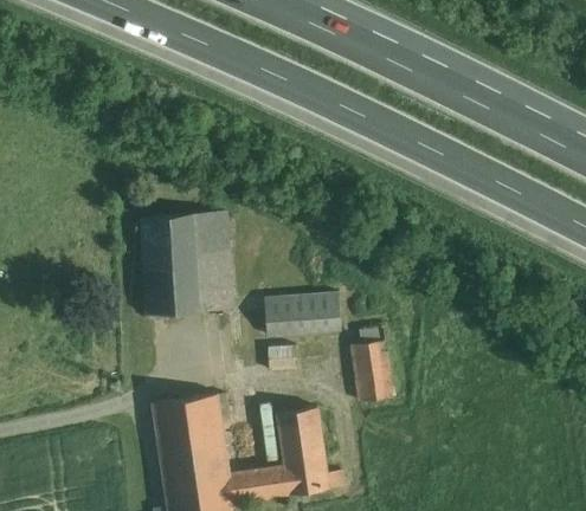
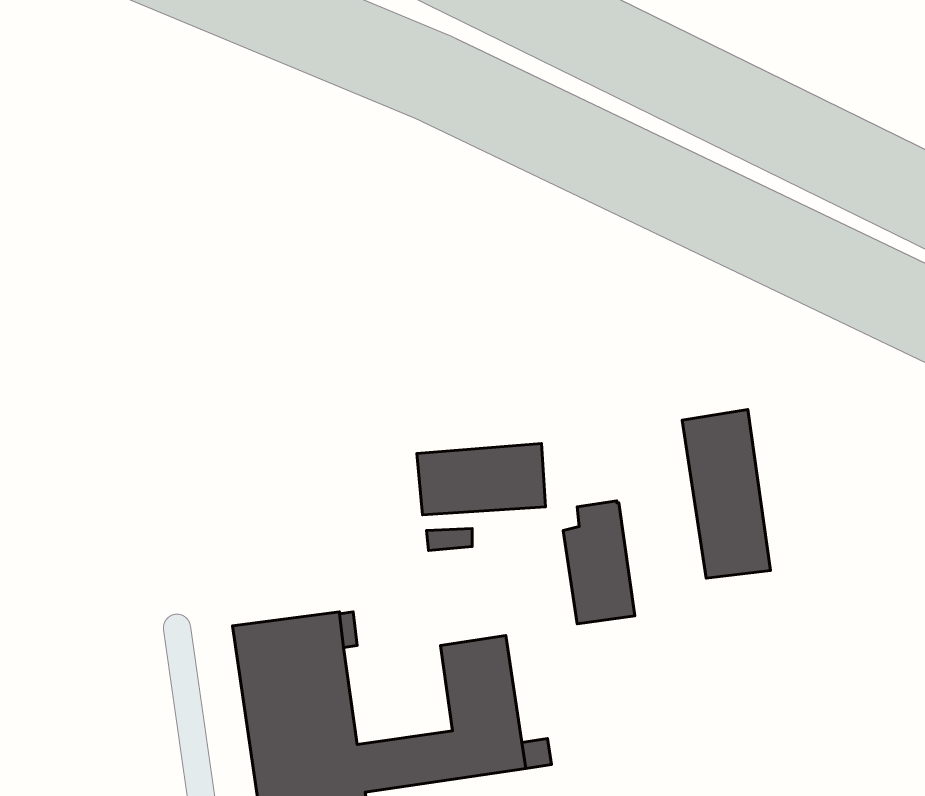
building: [140,212,230,315] -> none
building: none -> [682,410,770,578]

